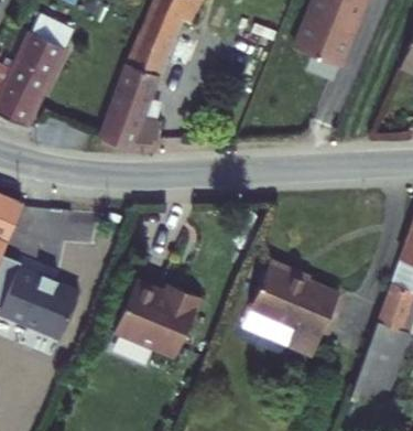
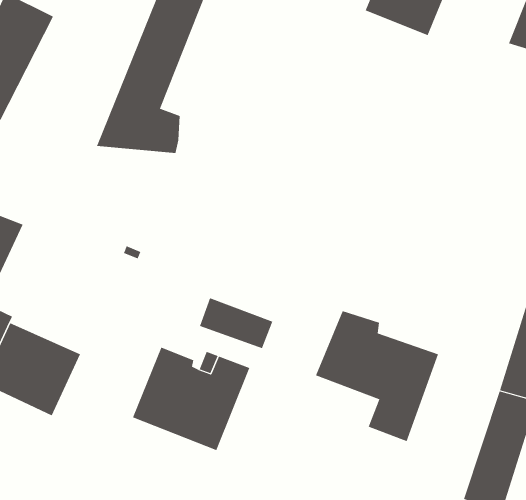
building: [244,311,298,348] -> [199,298,273,349]

